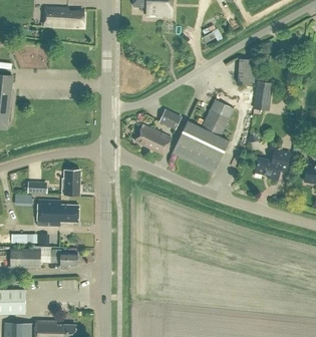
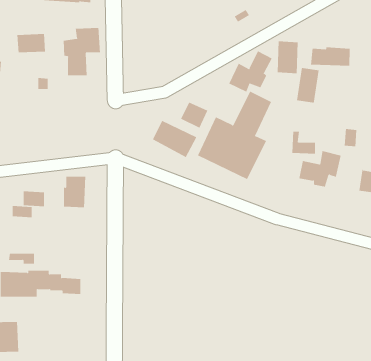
building: none -> [63,27,101,76]
building: none -> [310,47,350,67]
building: none -> [229,50,273,93]
building: [37,200,78,226] -> none

